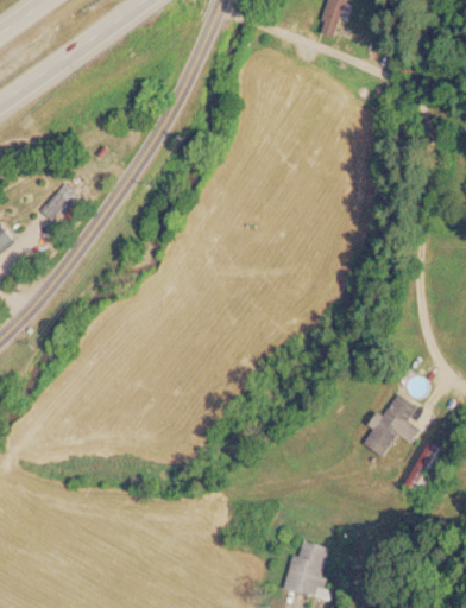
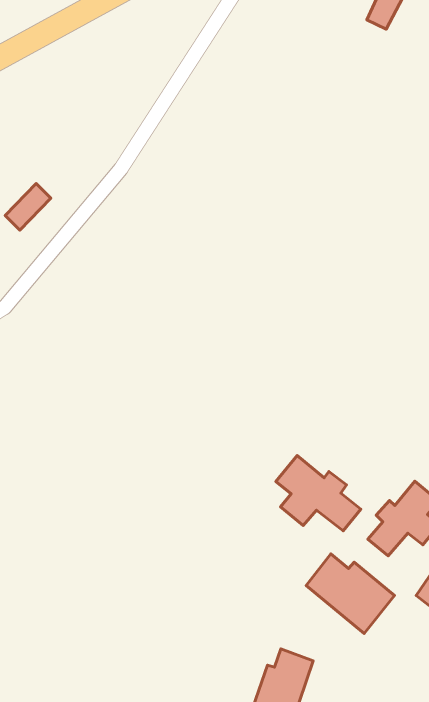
building: none -> [276,455,361,531]
building: none -> [306,554,395,634]

